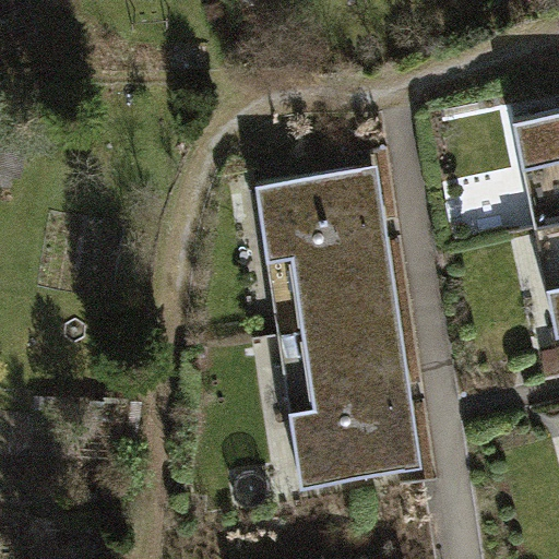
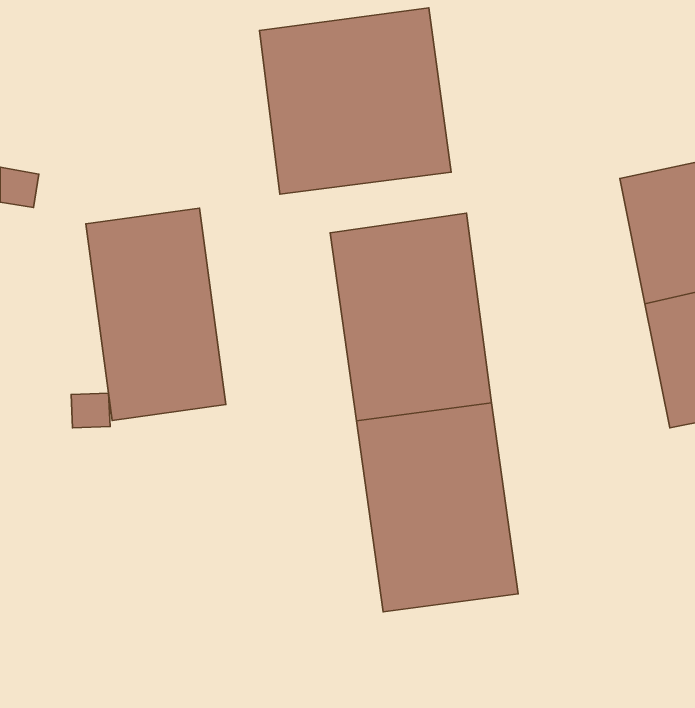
building: none -> [260,8,451,194]
building: none -> [86,208,226,421]

